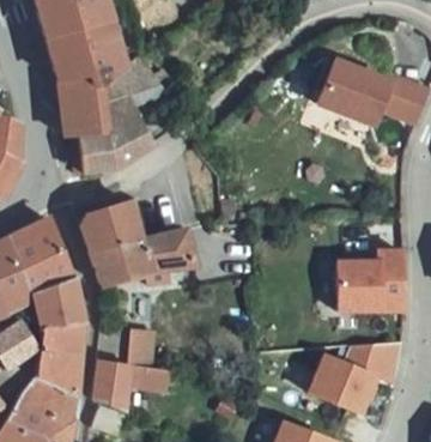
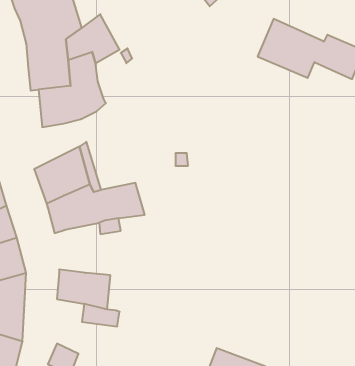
building: [327,248,396,308] -> none
building: [297,332,388,405] -> none
building: [96,353,132,404] -> none

